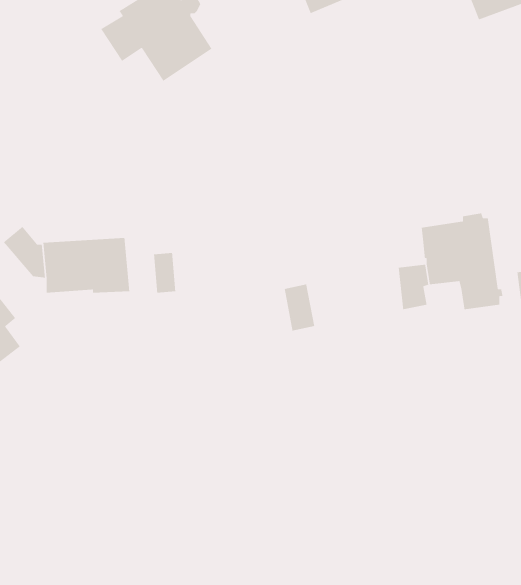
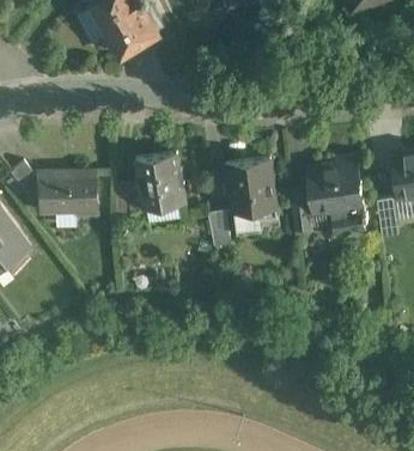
building: none -> [136,152,187,207]
building: none -> [227,153,282,227]

